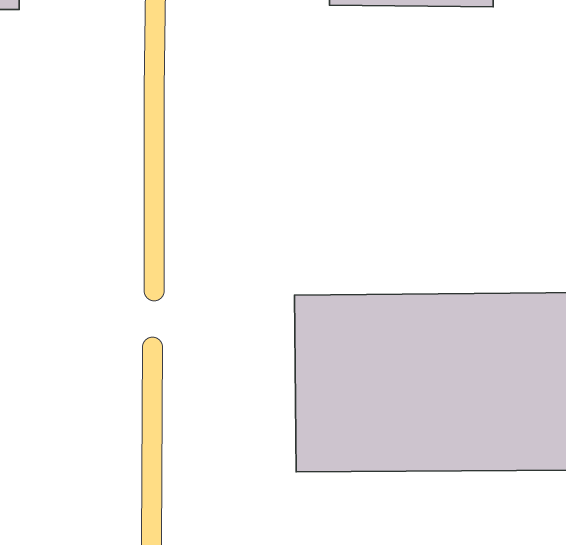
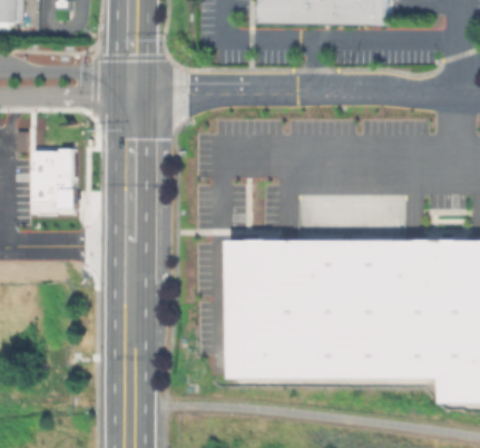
building: none -> [33,146,78,208]

